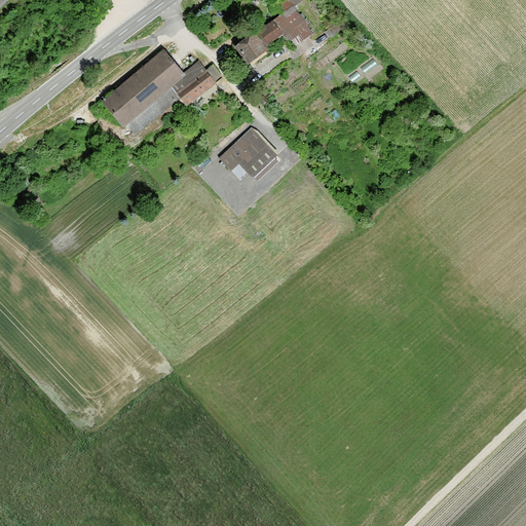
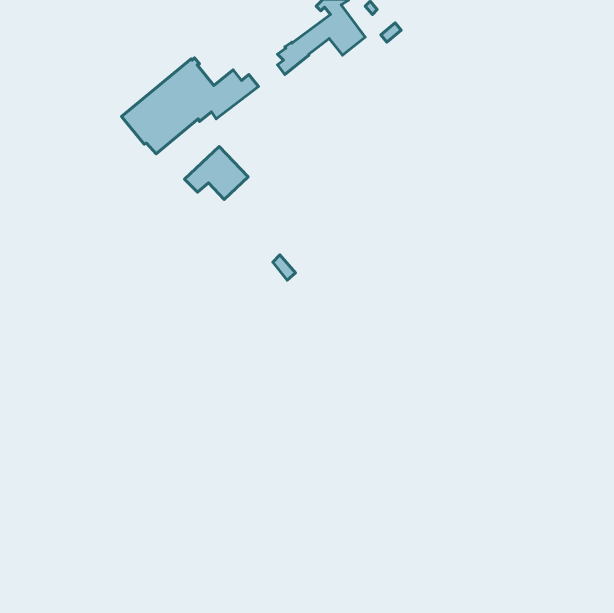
building: [220,130,274,176] -> [184,147,248,200]

